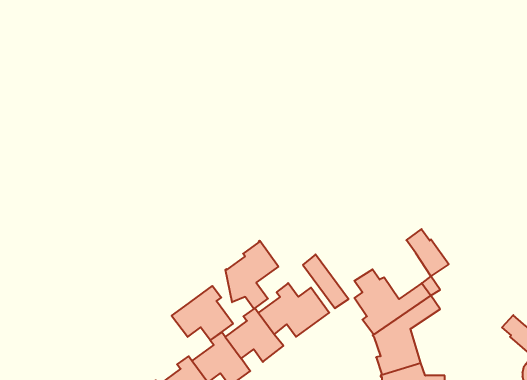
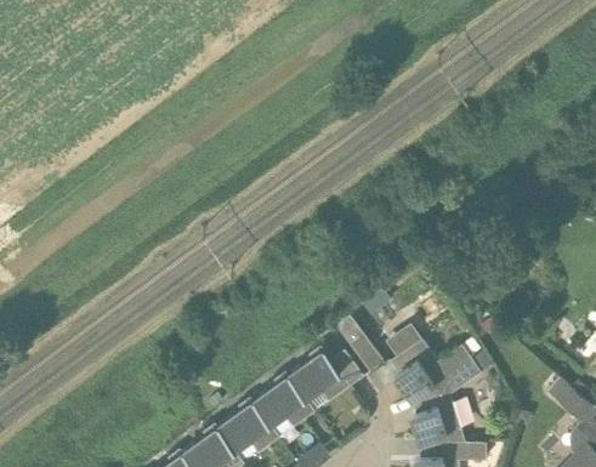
building: [406,229,449,276] -> none
building: [225,241,278,309] -> none
building: [172,286,233,340] -> none

